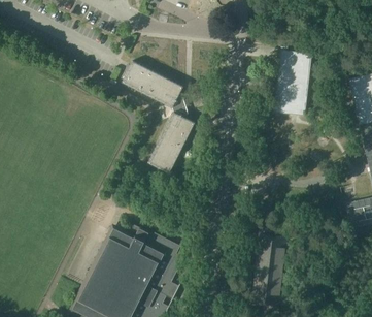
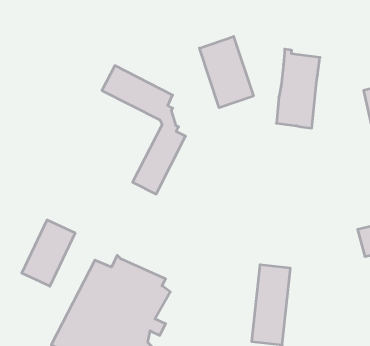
building: none -> [199,36,253,108]
building: none -> [22,220,75,286]

